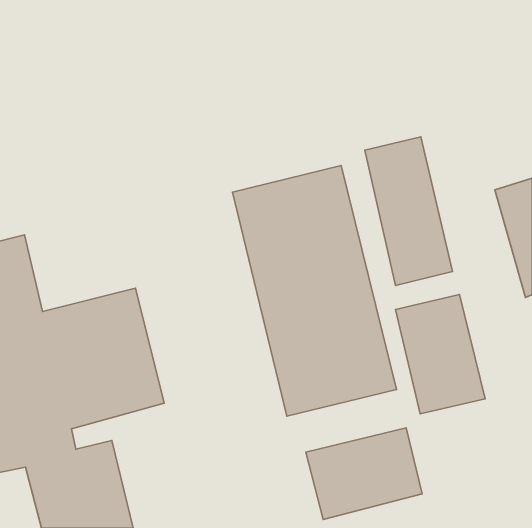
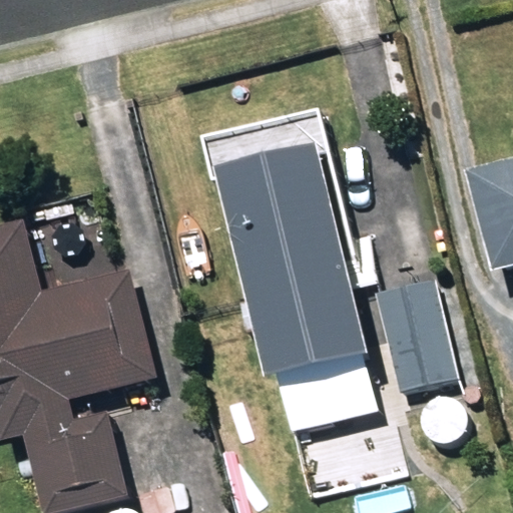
building: [365,137,453,285] -> none

